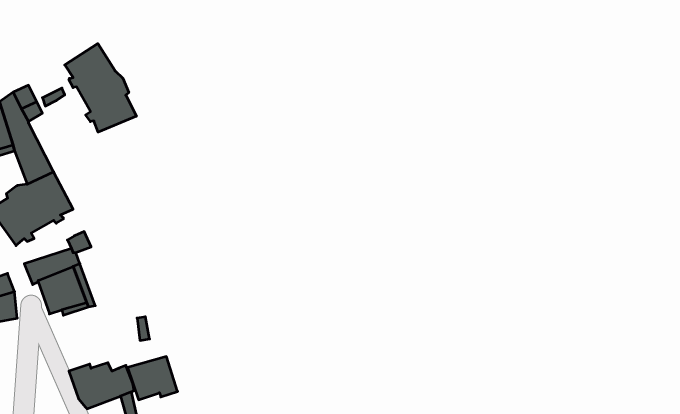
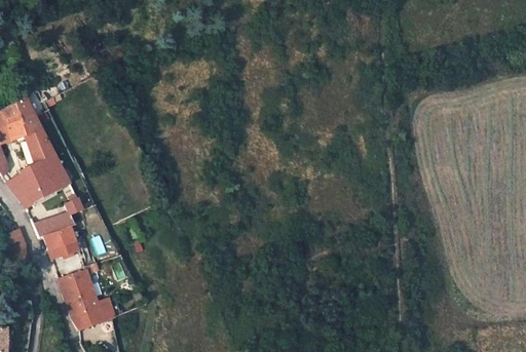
building: [65,44,136,132] -> none
building: [127,357,178,400] -> [58,269,95,301]

